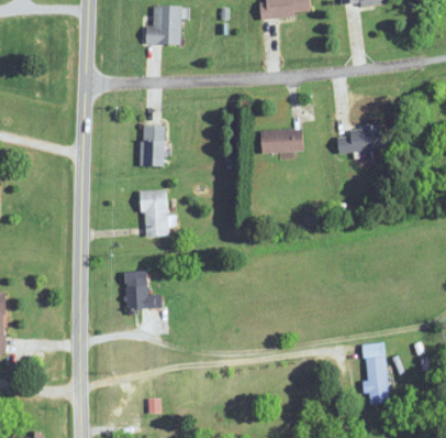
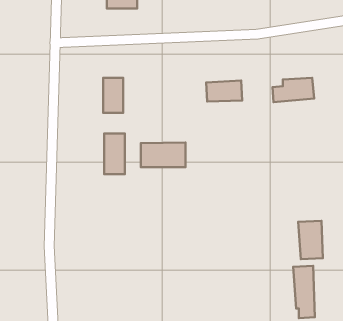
building: none -> [141,142,186,167]
building: [124,271,163,311] -> none
building: none -> [298,221,323,259]

